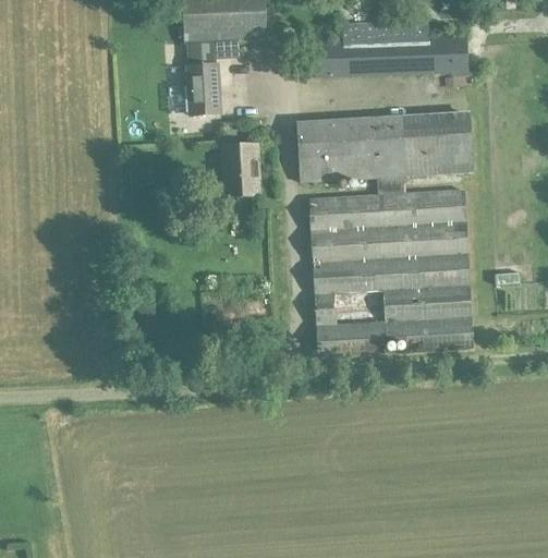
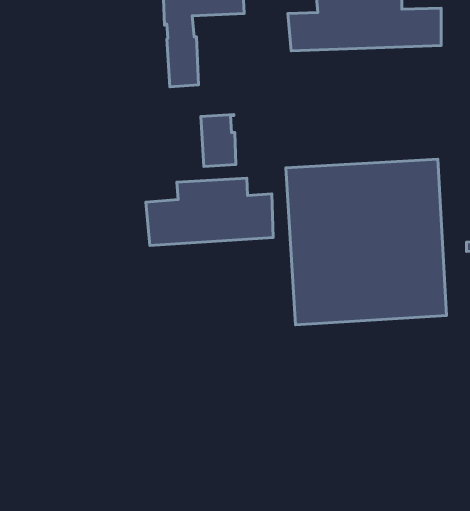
building: [297,110,474,181] -> none
building: none -> [146,178,273,245]

